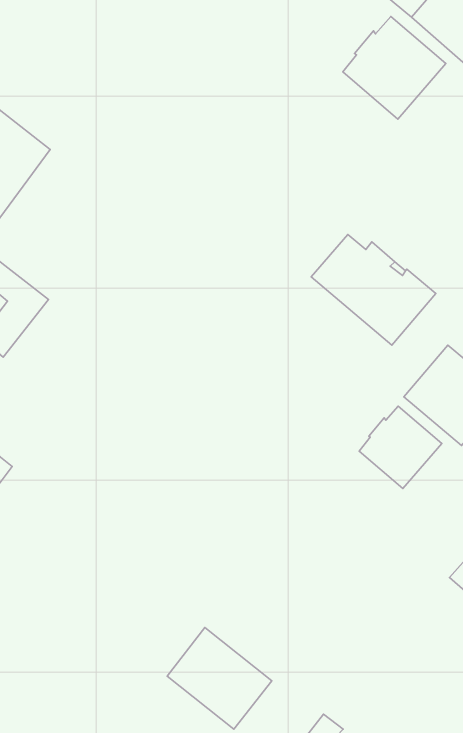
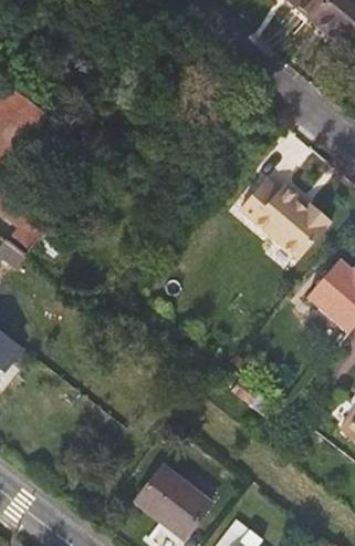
building: [343,17,446,119] -> none
building: [359,406,442,489] -> none

